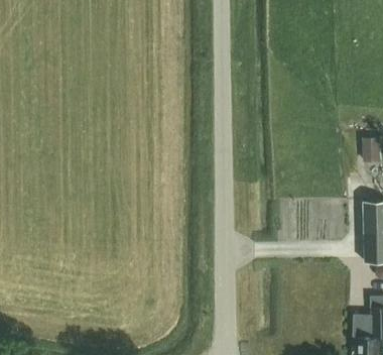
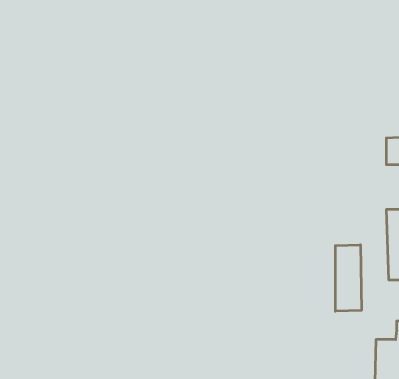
building: none -> [335,245,361,311]

